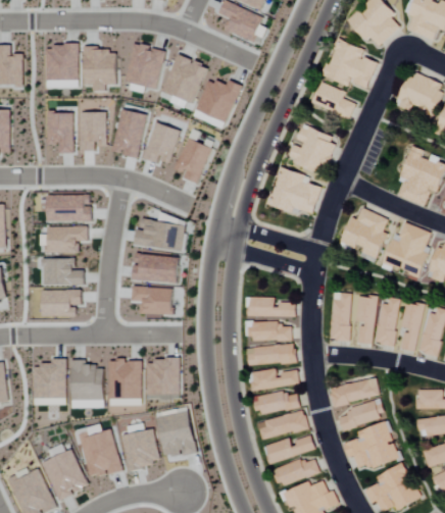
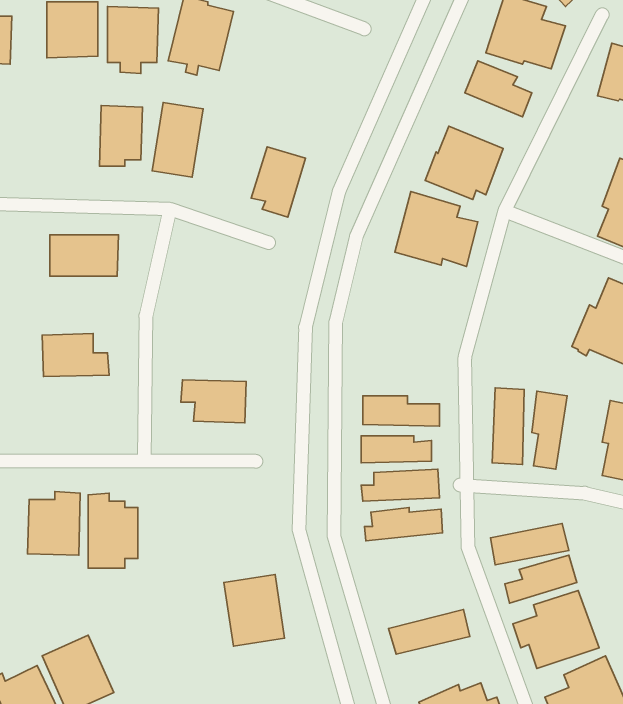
building: [162,55,206,103] -> none
building: [195,79,241,123] -> none
building: [47,113,72,154] -> none
building: [143,122,180,166] -> none
building: [341,208,388,259] -> none
building: [136,220,185,250] -> none
building: [47,226,87,254] -> none
building: [132,253,178,283] -> none
building: [41,290,82,317] -> none
building: [375,298,400,347] -> none
building: [146,359,179,395] -> none
building: [107,361,141,401] -> none
building: [253,391,300,416] -> none
building: [258,411,307,440] -> none
building: [121,429,160,470] -> none
building: [80,430,121,478] -> none
building: [271,456,318,488] -> none

